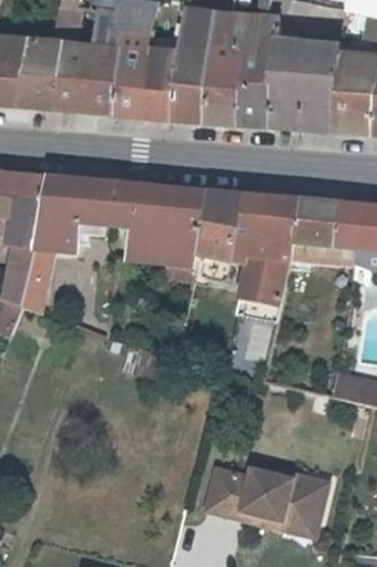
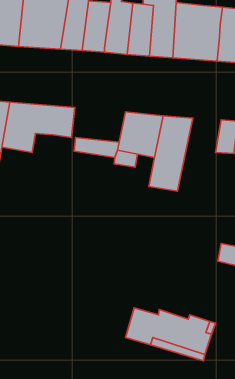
building: [134,188,208,236] -> none
building: [292,203,340,250] -> none

